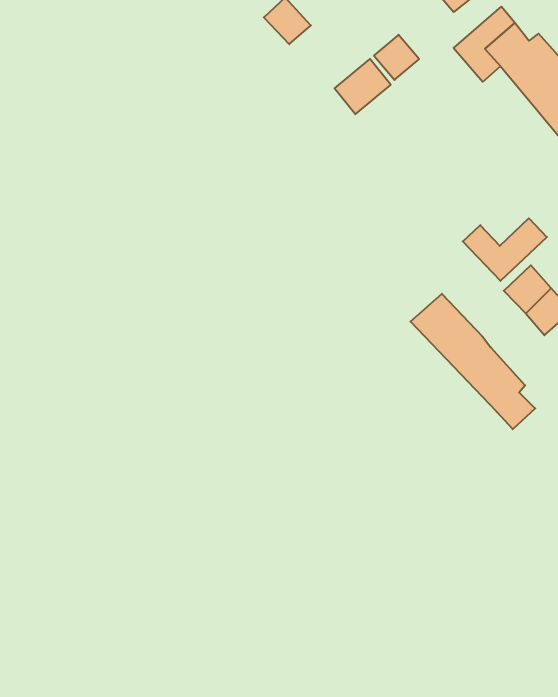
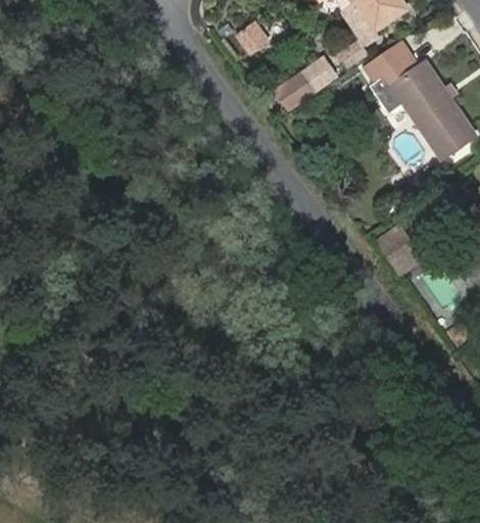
building: [463,218,547,281] -> none
building: [410,294,535,429] -> none

